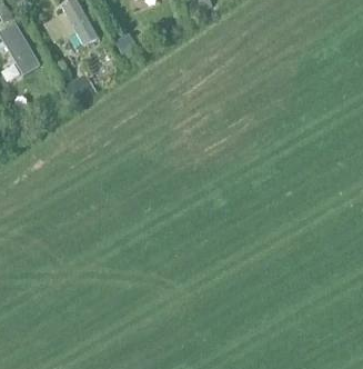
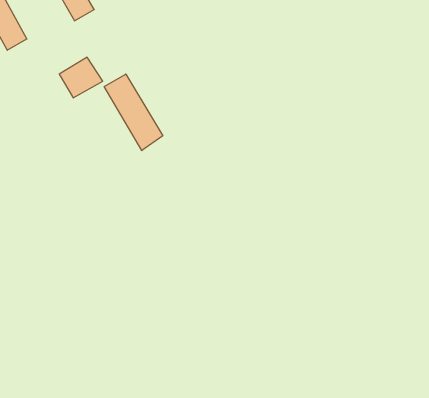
building: none -> [104,74,163,151]

